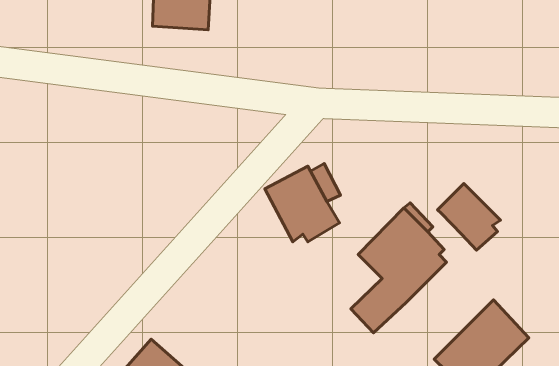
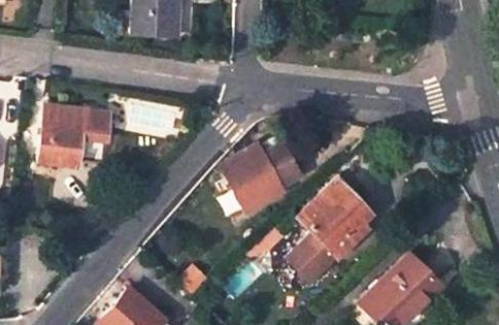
building: none -> [38,105,109,166]
building: [437,184,500,250] -> none

